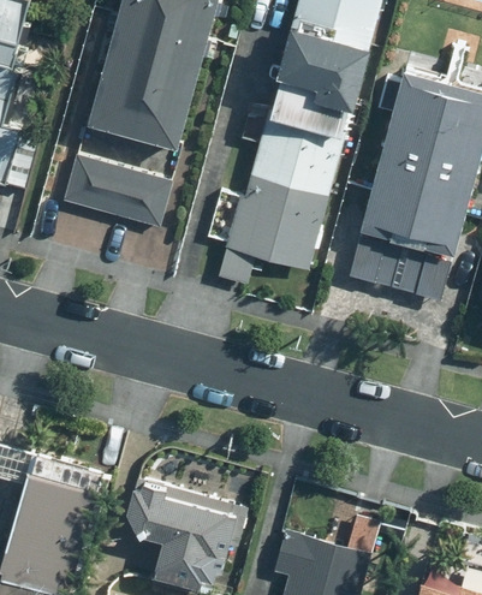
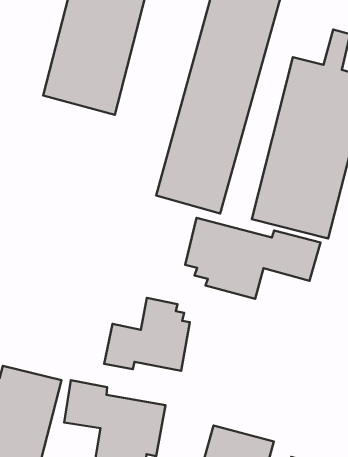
building: [61,154,175,226] -> none
building: none -> [185,218,321,299]
building: none -> [104,298,190,371]

